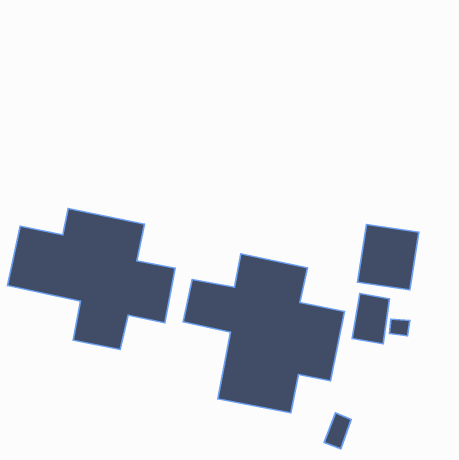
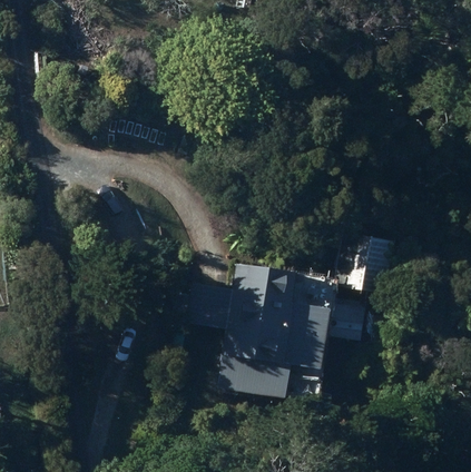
building: [7,209,175,349] -> none

